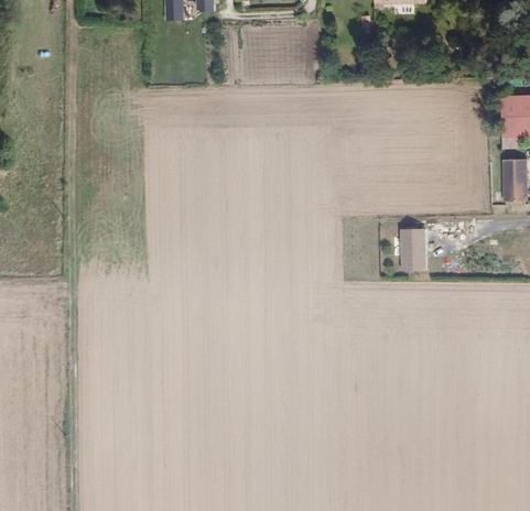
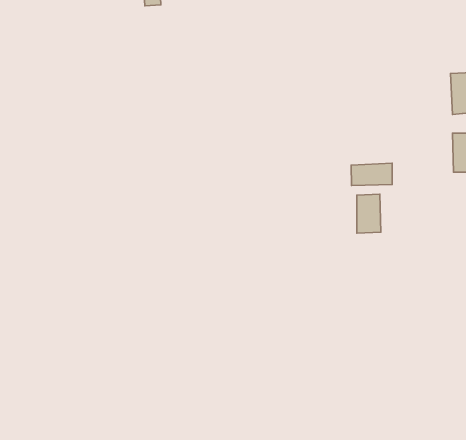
building: none -> [351,163,392,186]

